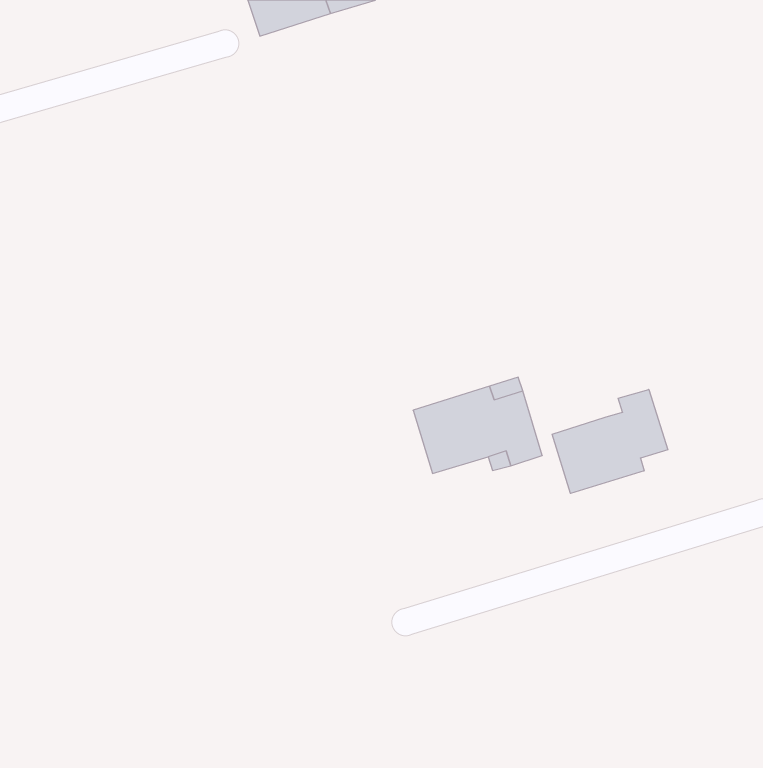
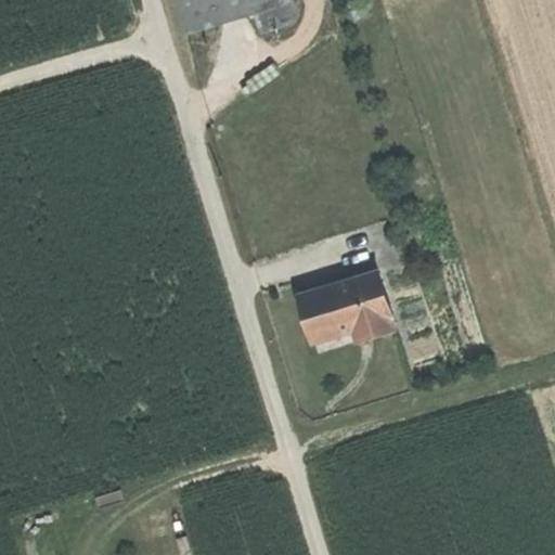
building: [552,389,668,493] -> none

